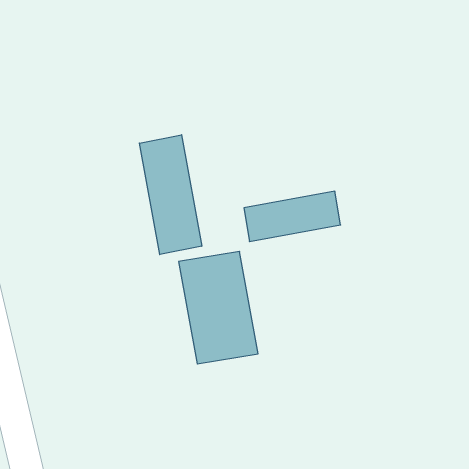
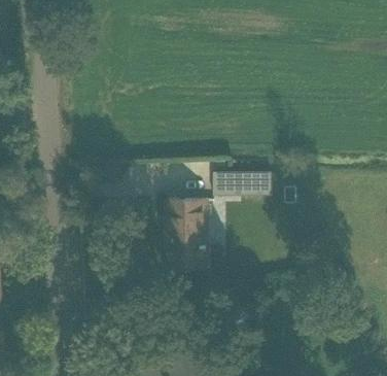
building: [139,135,202,255] -> none

